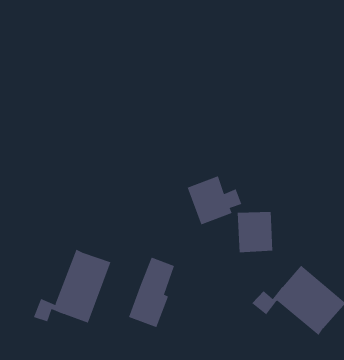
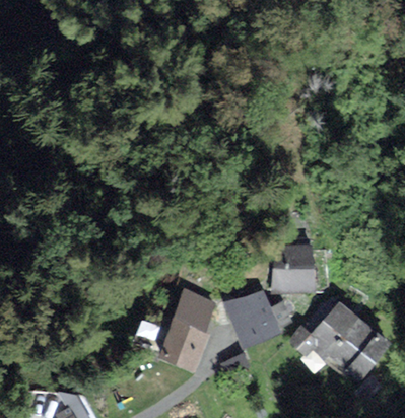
building: [187,176,242,225] -> [227,292,284,343]
building: [33,249,111,323] -> none

